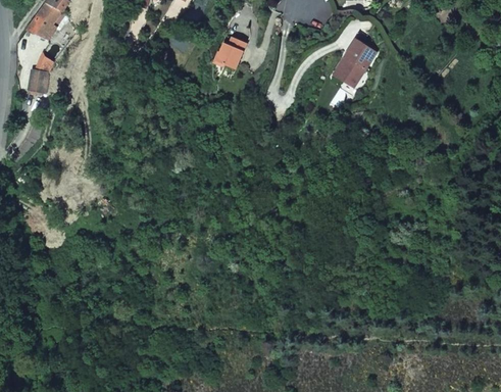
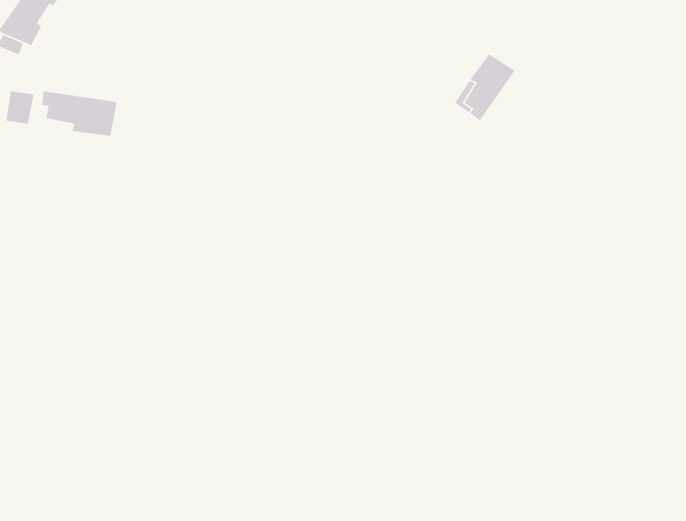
building: [220,37,250,69] -> none
building: none -> [41,90,117,137]

